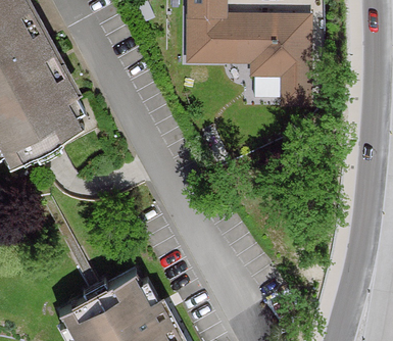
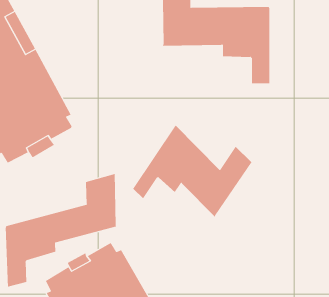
building: none -> [132,125,252,218]
building: none -> [5,173,117,288]

